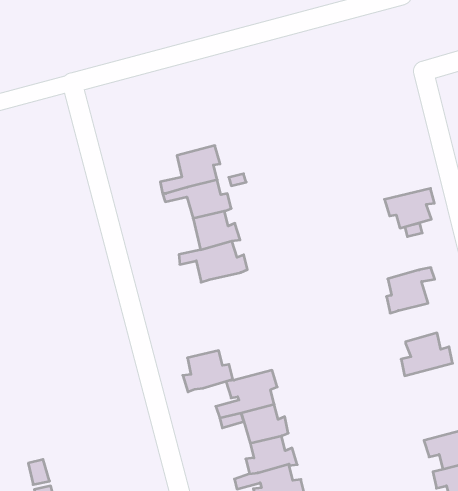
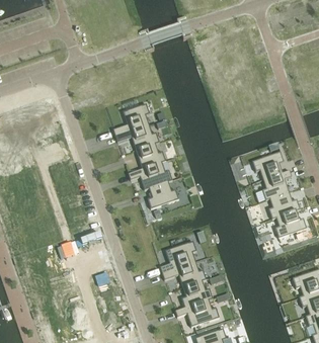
building: [384,188,434,228] -> [250,153,282,179]
building: none -> [267,192,299,219]
building: [183,351,233,392] -> [148,182,179,209]

